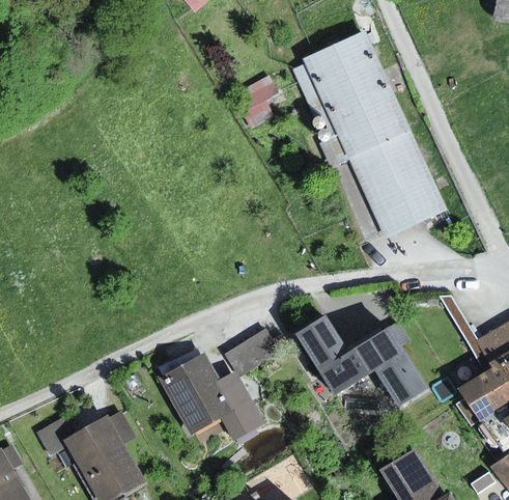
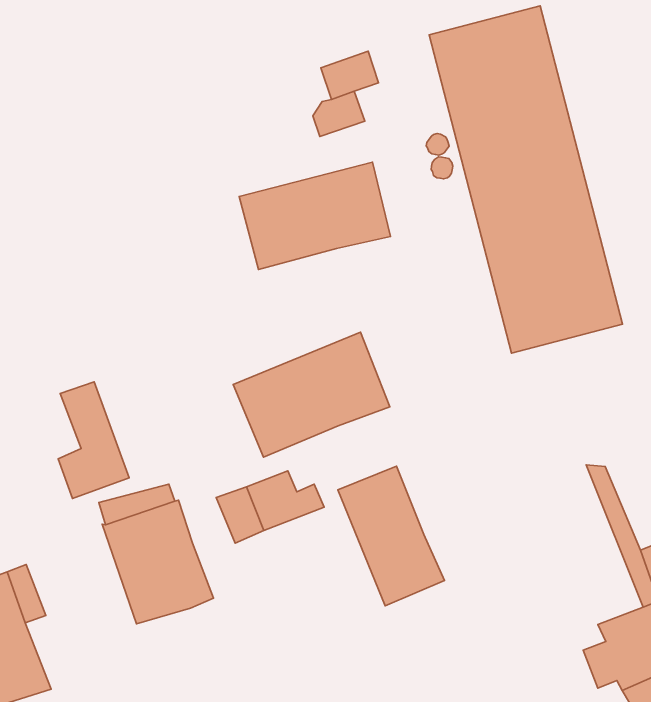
building: none -> [239,162,391,269]
building: none -> [233,332,390,457]
building: [350,328,428,408] -> none
building: [216,370,264,441] -> [58,382,129,498]

